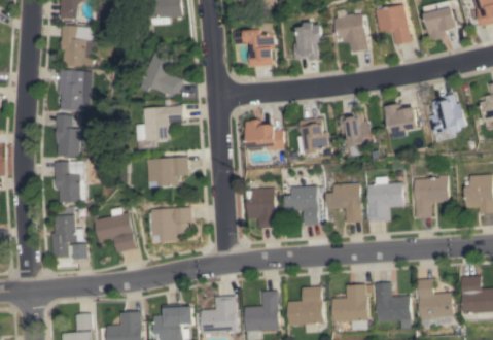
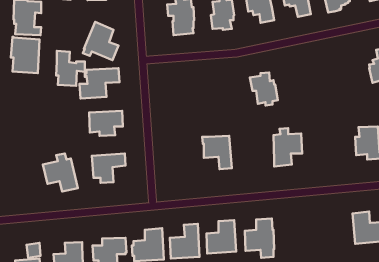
building: [430,94,467,134] -> none
building: [386,103,419,138] -> none
building: [55,114,89,156] -> [56,51,85,86]
building: [300,116,329,154] -> none
building: [246,118,284,151] -> none
building: [54,160,85,202] -> none
building: [414,174,448,217] -> none
building: [326,182,361,223] -> none
building: [246,188,277,228] -> none
building: [51,207,87,259] -> none
building: [418,278,454,318] -> none
building: [375,282,411,329] -> none

